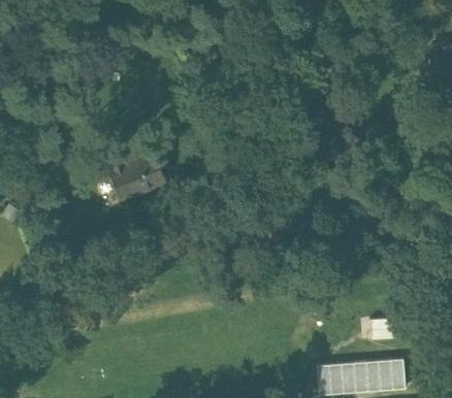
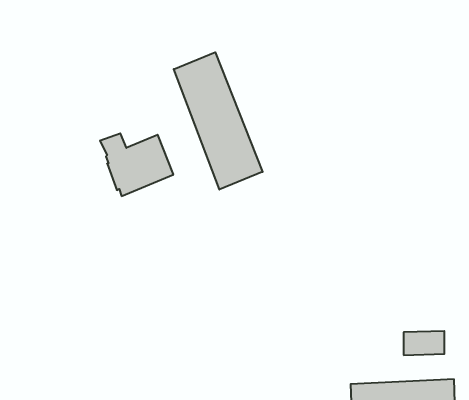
building: none -> [174,52,263,190]

